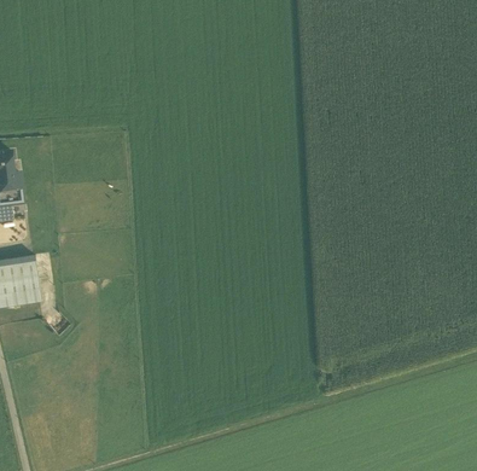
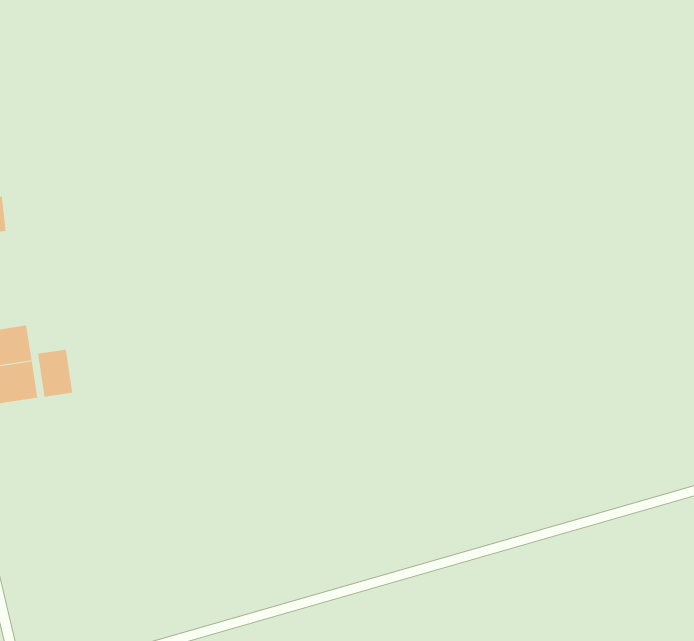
building: none -> [37,349,73,397]

